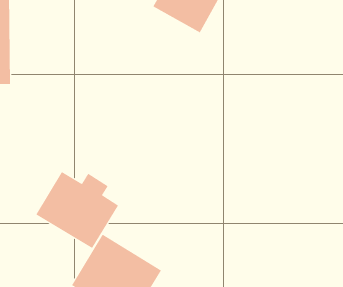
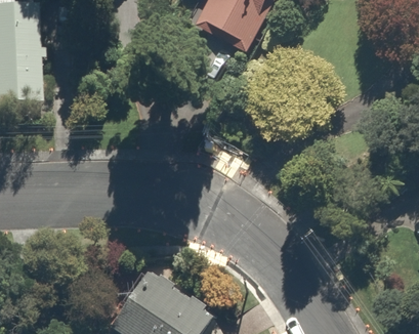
building: [35,171,119,249] -> none

